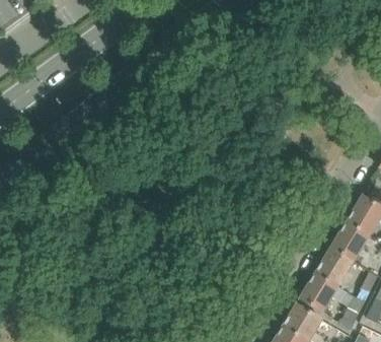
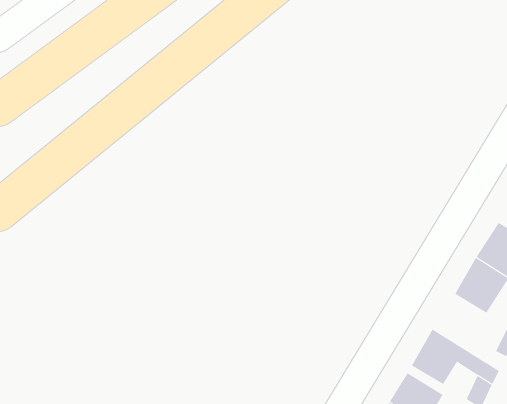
building: [314,247,354,287] -> none

